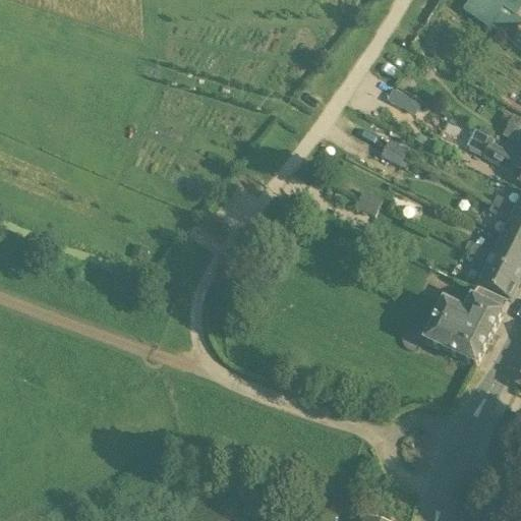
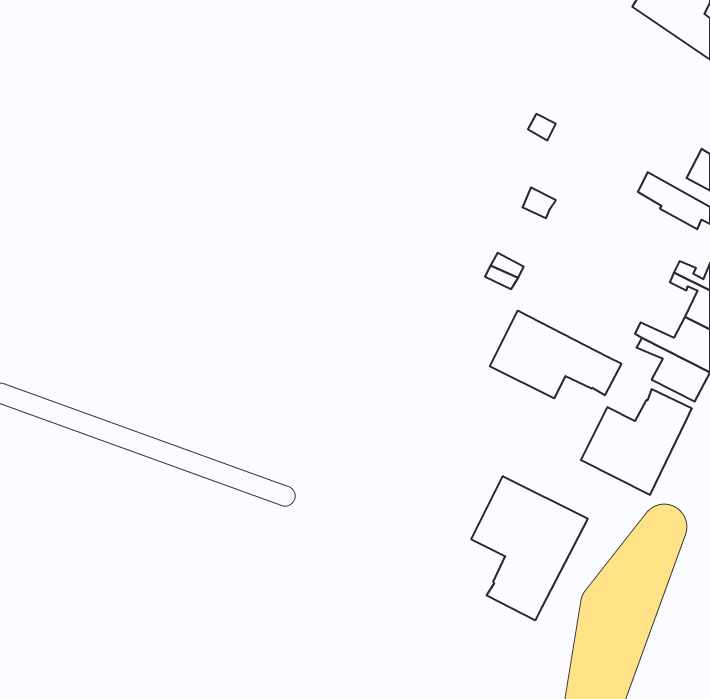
building: none -> [490,311,621,398]
building: none -> [471,476,588,620]

